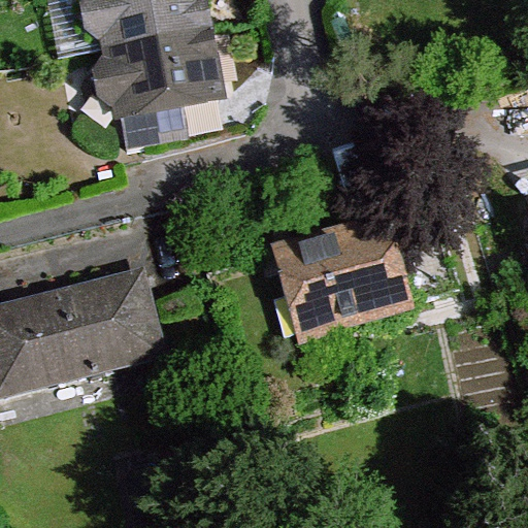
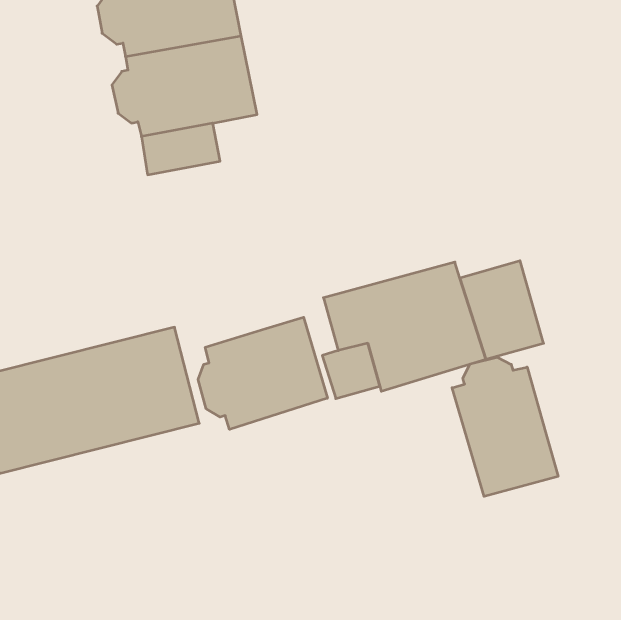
building: none -> [198,317,327,429]
building: none -> [452,357,558,496]

